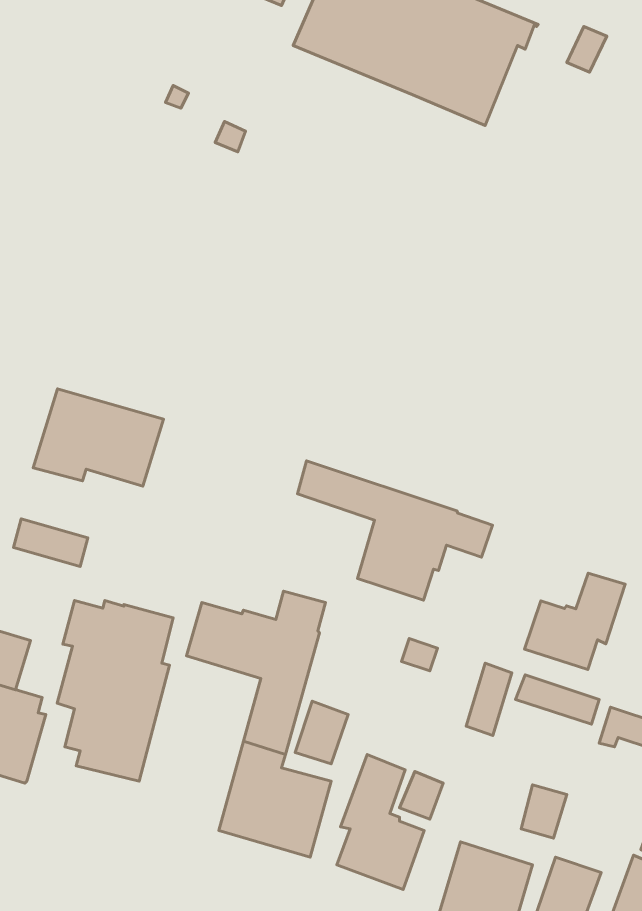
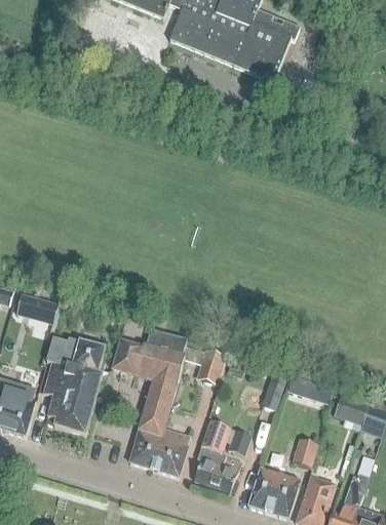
building: [33,389,164,486] -> none
building: [297,461,493,600] -> none
building: [524,573,625,670] -> none
building: [295,701,348,764] -> [196,351,225,385]

